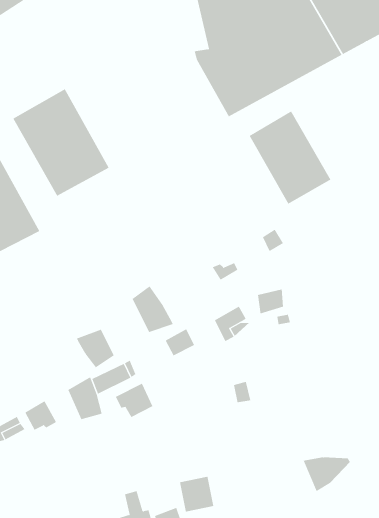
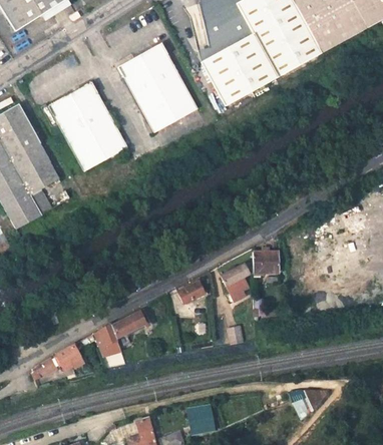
building: none -> [116,42,198,132]
building: [249,110,331,204] -> none
building: [132,285,174,333] -> none
building: [76,329,115,368] -> none
building: [115,383,153,418] -> none

